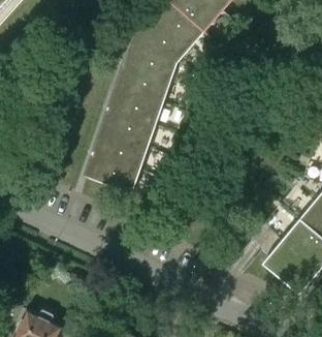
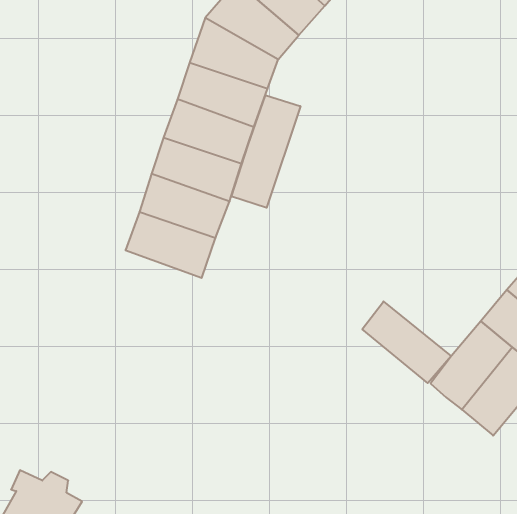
building: none -> [232,95,300,208]
building: none -> [362,301,451,383]

